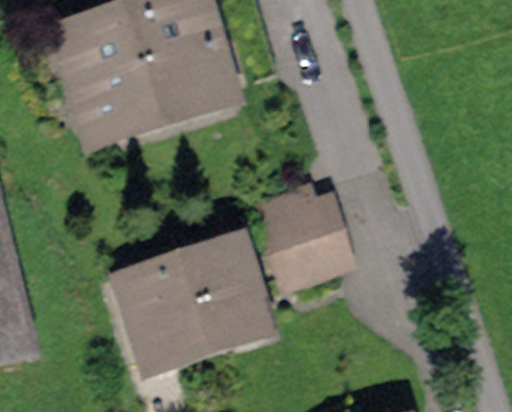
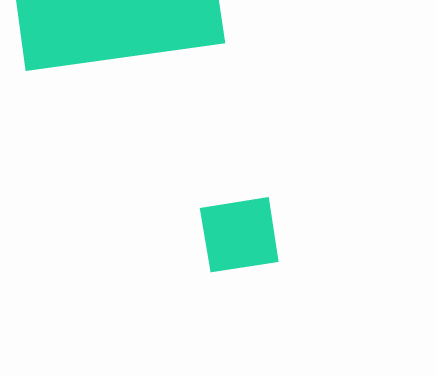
building: [115,253,239,357] -> none

